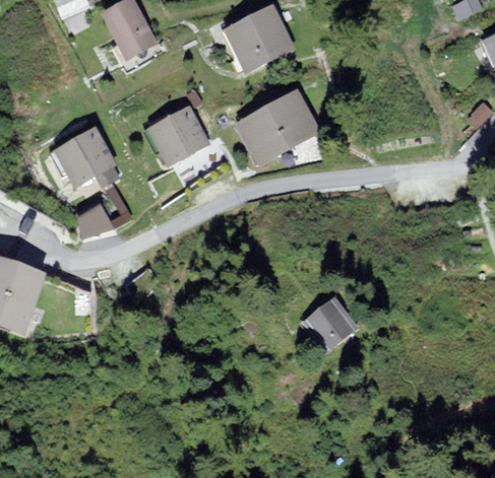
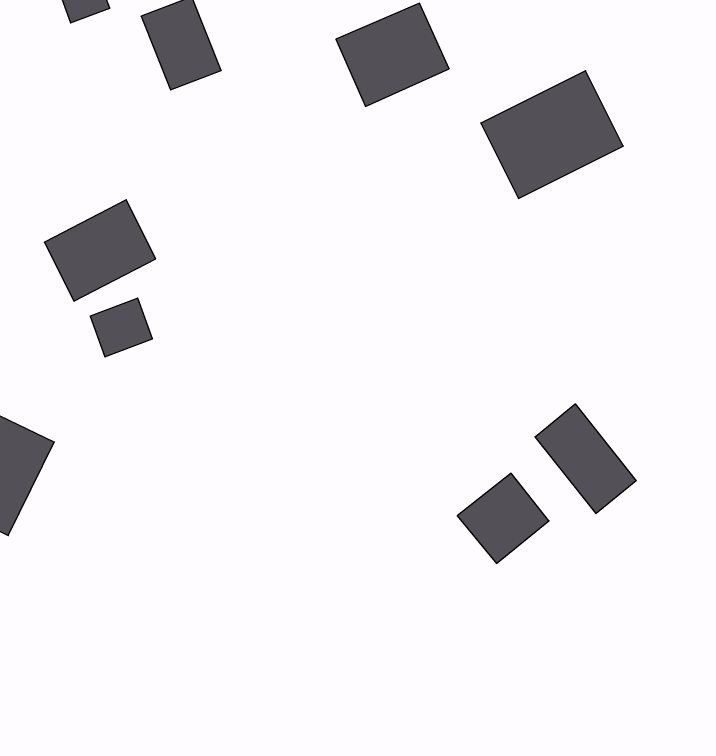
building: [234,85,322,164] -> [481,71,623,198]
building: [148,107,209,164] -> none
building: none -> [535,404,636,514]

